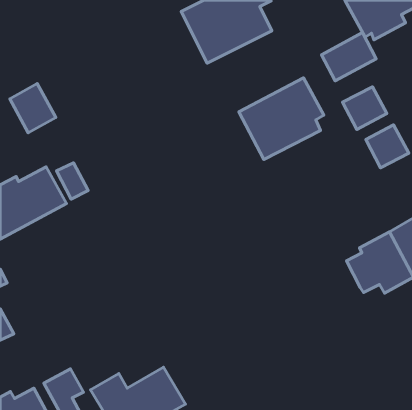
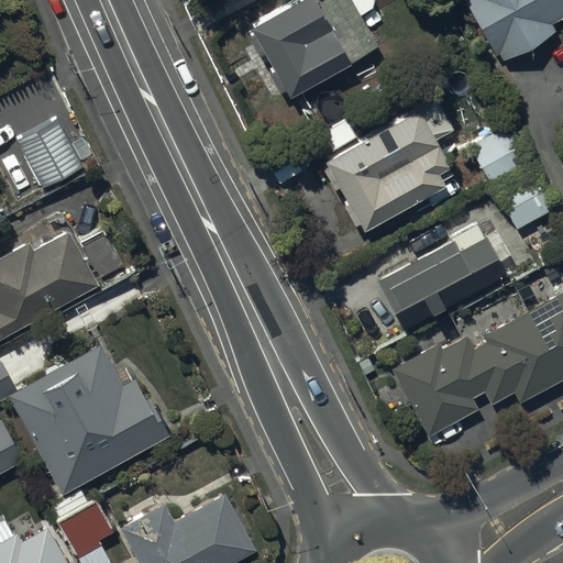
building: [321,33,376,81] -> none
building: none -> [378,223,499,324]
building: none -> [12,350,162,487]
building: none -> [399,350,492,438]

